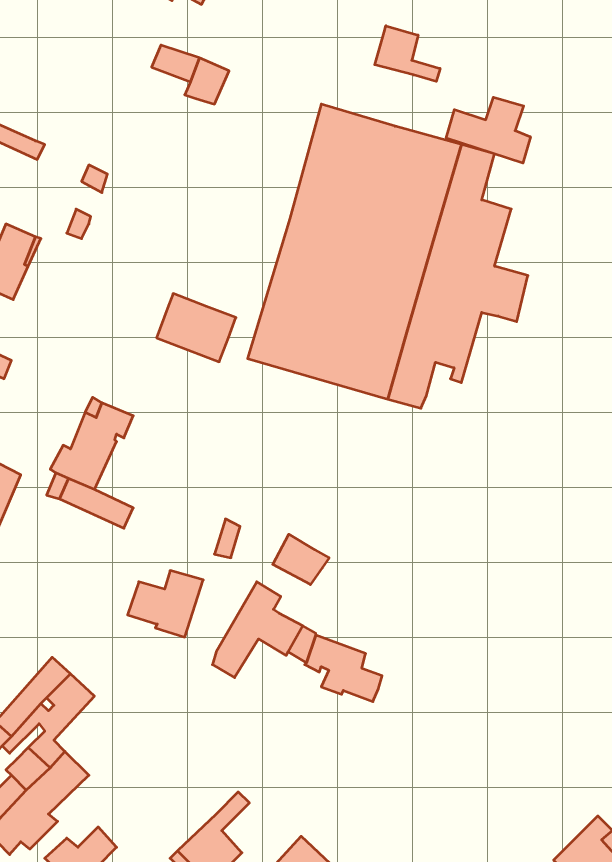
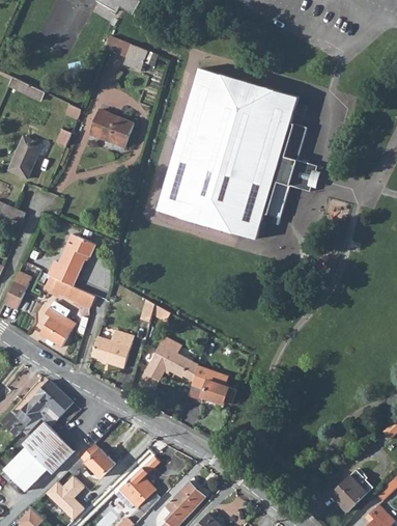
building: [375,26,440,81] -> none
building: [446,97,530,163] -> none
building: [157,294,236,362] -> [88,109,133,147]
building: none -> [39,307,75,345]
building: [273,534,329,585] -> none
building: none -> [80,443,114,477]

